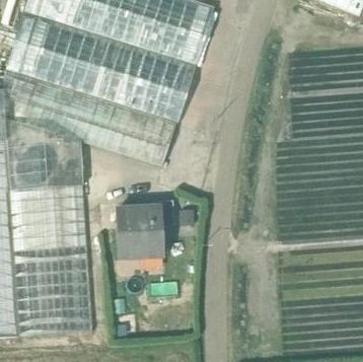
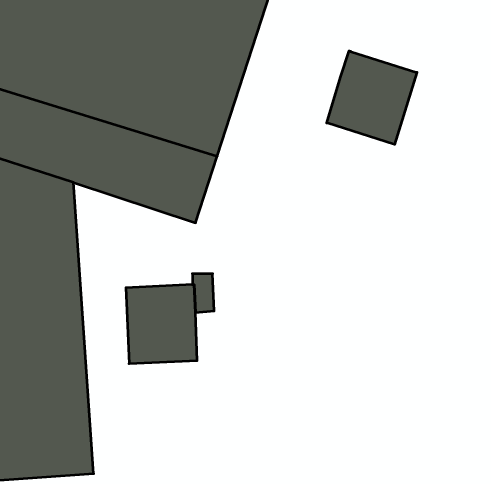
building: none -> [327,51,417,144]

